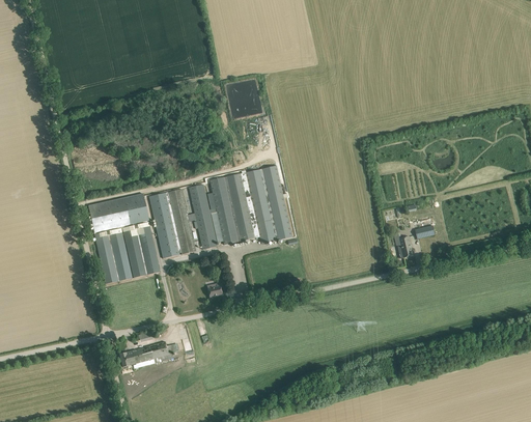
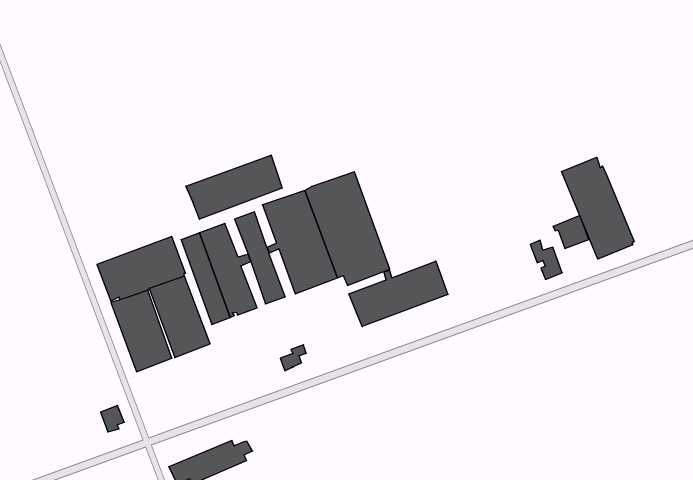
building: none -> [186,155,282,219]
building: none -> [562,157,634,259]
building: none -> [349,261,448,327]

